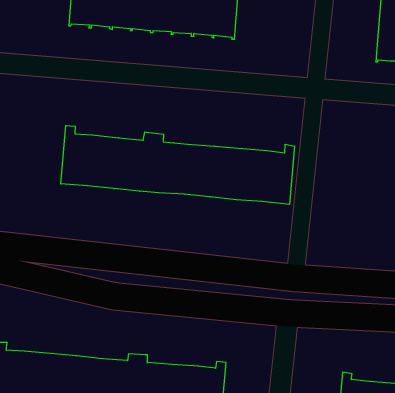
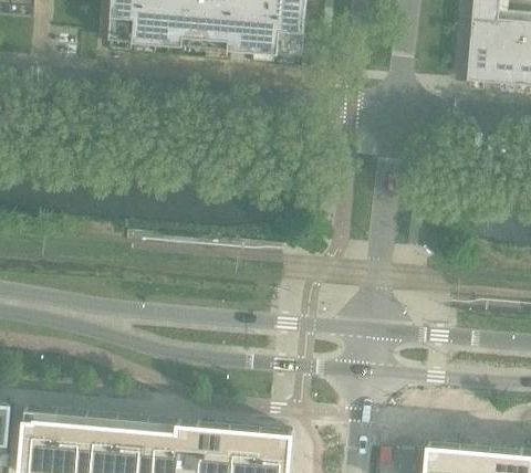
building: [61,126,295,204] -> none

